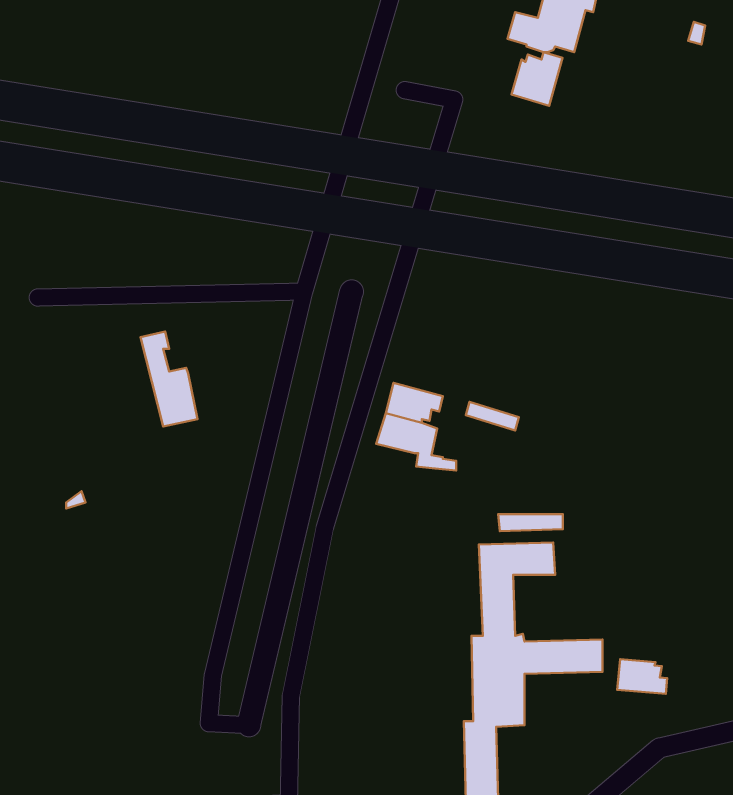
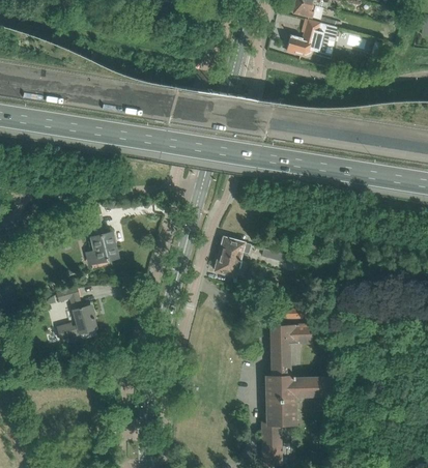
building: [511,52,563,106] -> none
building: none -> [56,288,95,340]
building: [617,659,667,694] -> none

